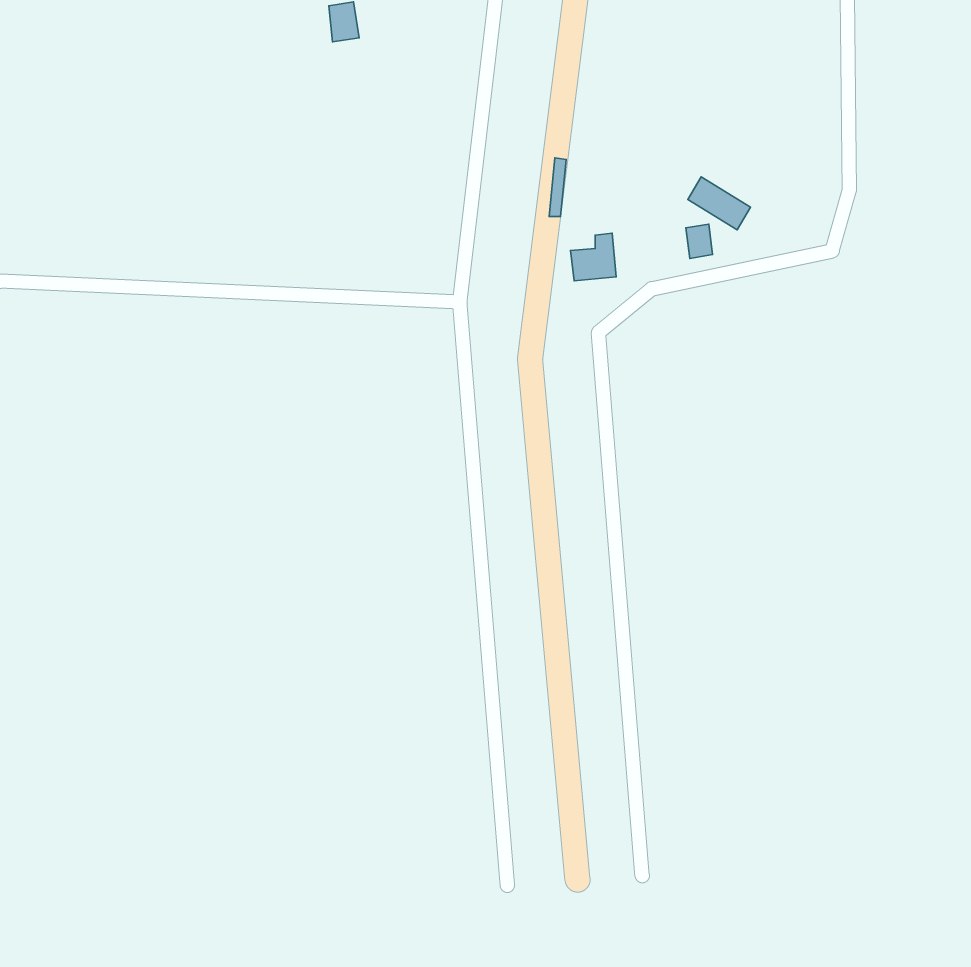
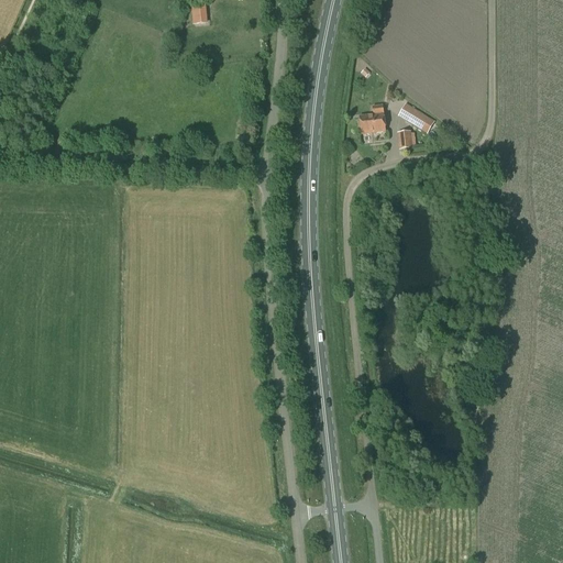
building: [570,233,616,281] -> [358,106,385,133]

